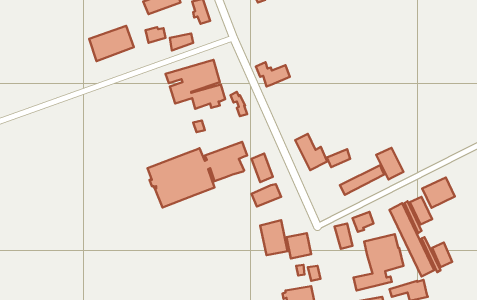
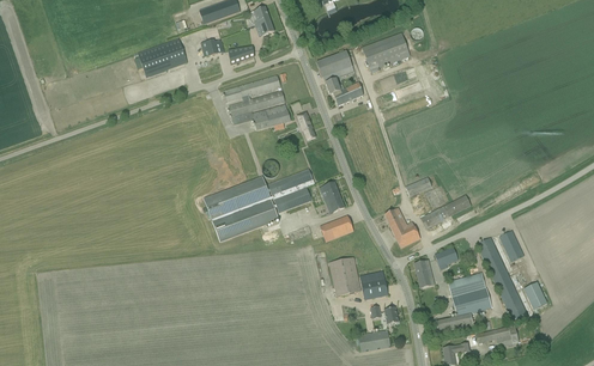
building: none -> [360,32,410,74]
building: none -> [315,51,353,81]
building: [295,134,327,170] -> [383,208,419,249]
building: [376,148,403,179] -> none
building: [422,177,455,208] -> none

